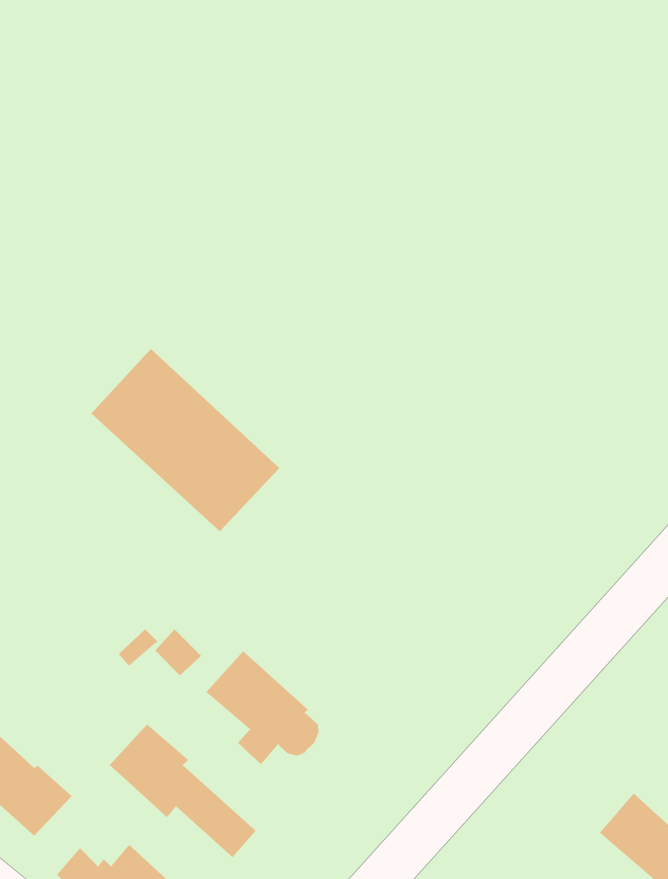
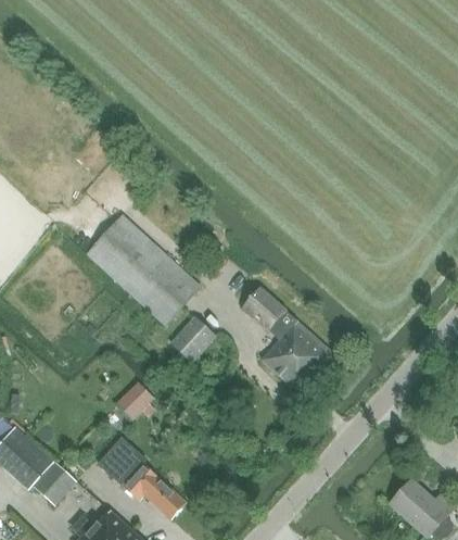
building: none -> [242,287,332,388]
building: none -> [170,317,215,362]
building: [205,650,320,765] -> none

